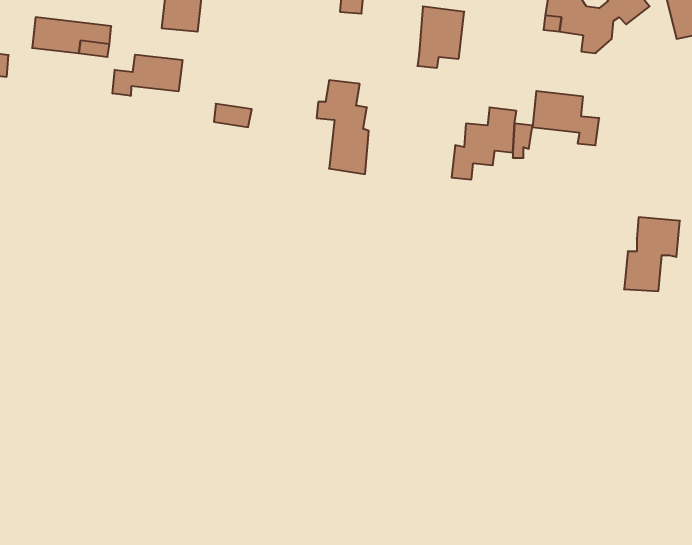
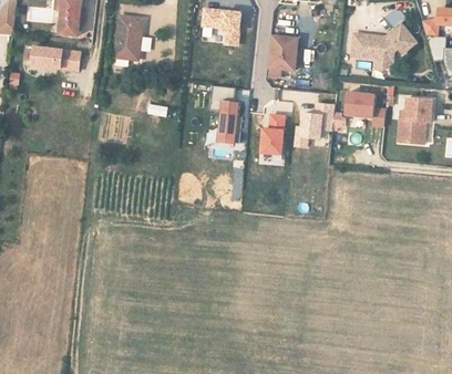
building: [113,55,182,96] -> none
building: none -> [263,113,286,152]
building: [624,217,680,291] -> [397,97,431,143]

